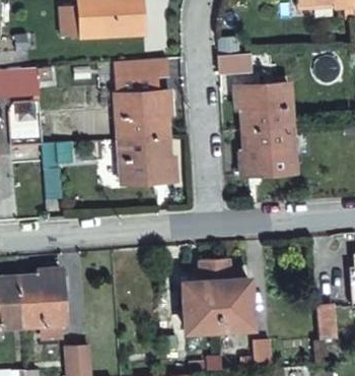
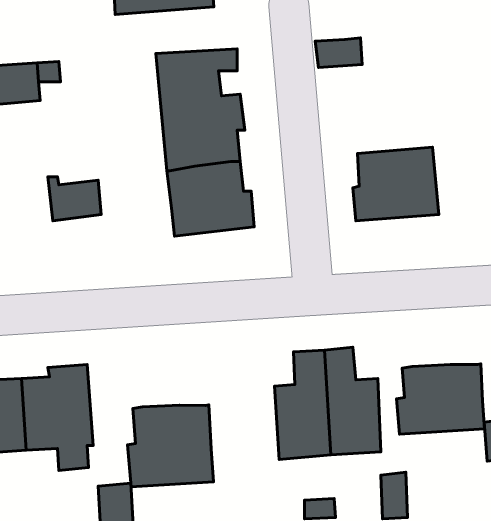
building: [230,82,287,130] -> none
building: none -> [396,364,485,434]
building: none -> [127,405,213,487]

